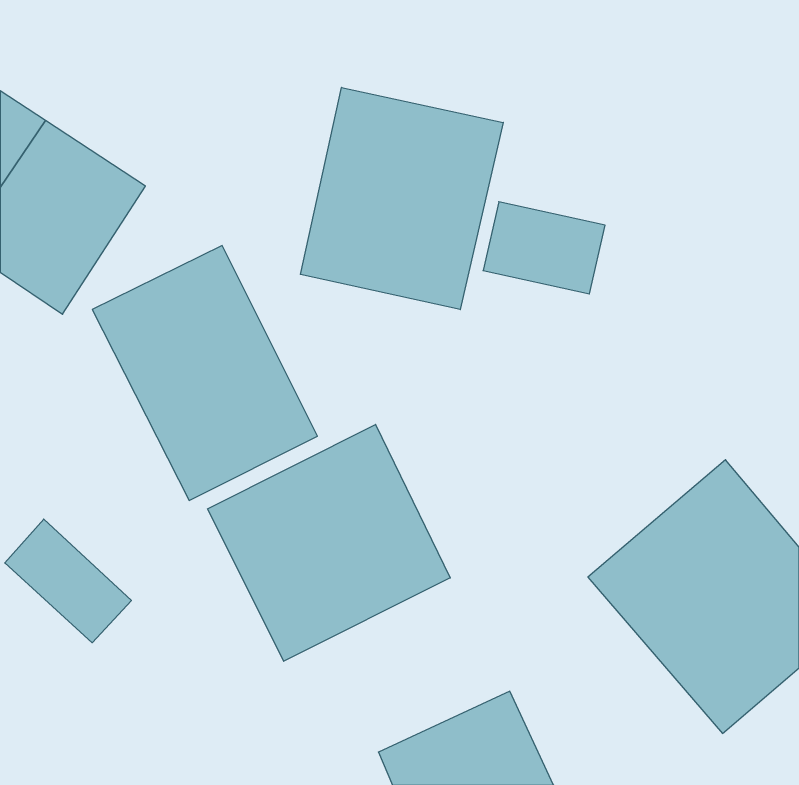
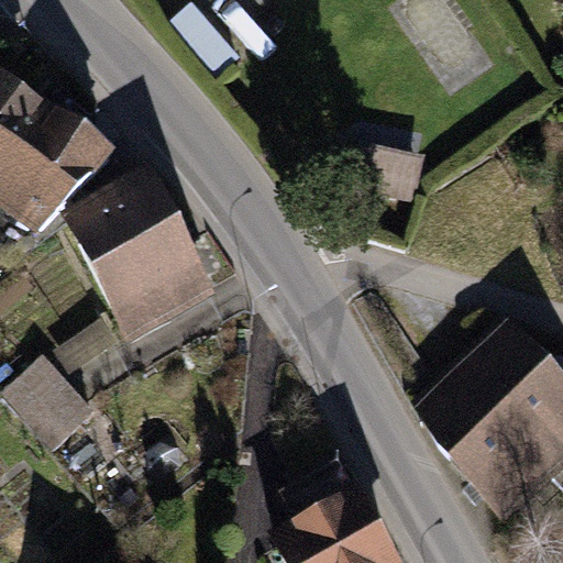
building: [300,87,503,310] -> none
building: [208,424,450,661] -> none

